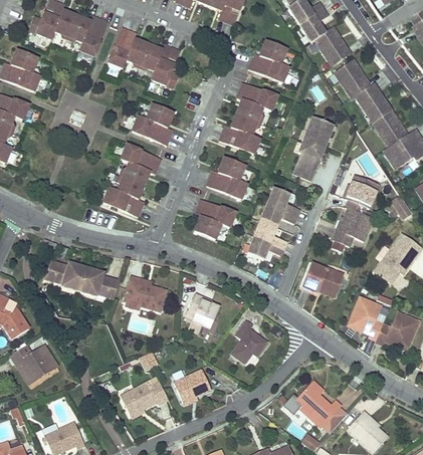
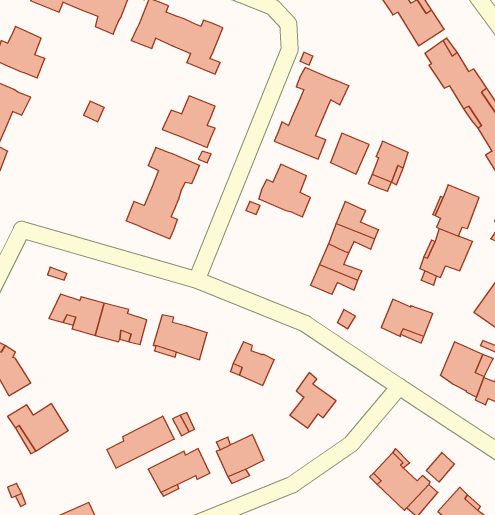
building: [248,41,288,82] -> none
building: [303,117,334,149] -> [330,133,369,174]
building: [195,199,236,239] -> none
building: none -> [107,416,174,468]

